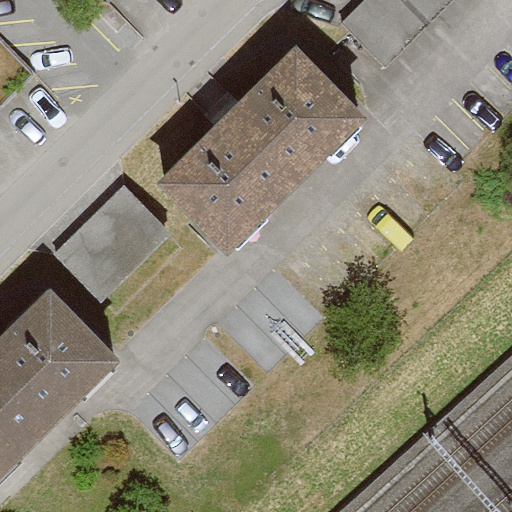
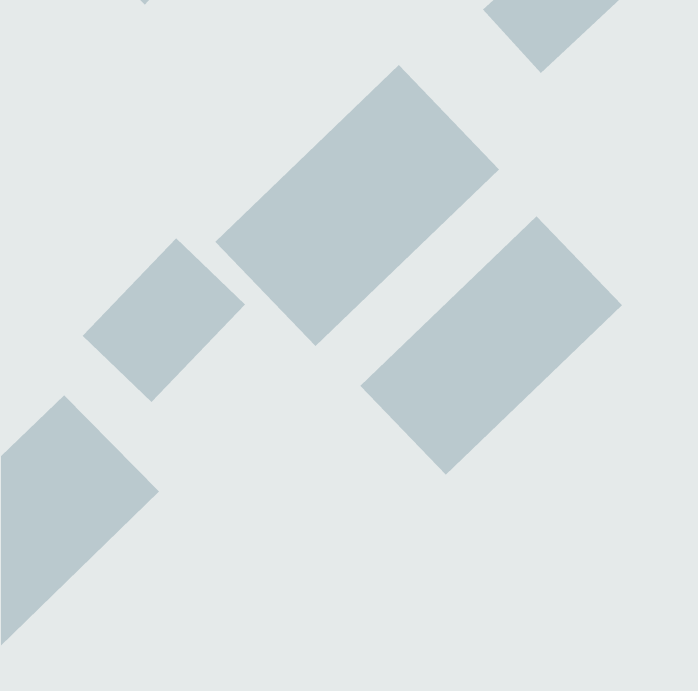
building: none -> [360,216,623,475]

